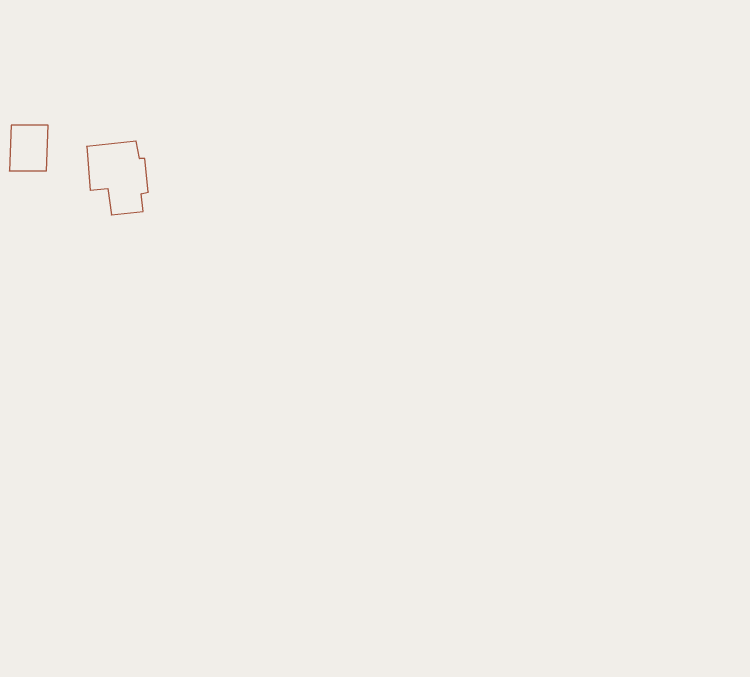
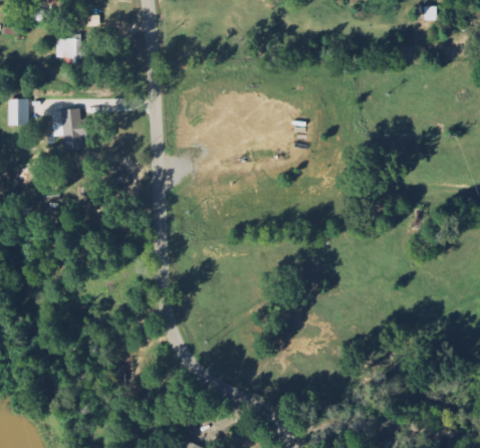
building: none -> [56,39,81,64]

